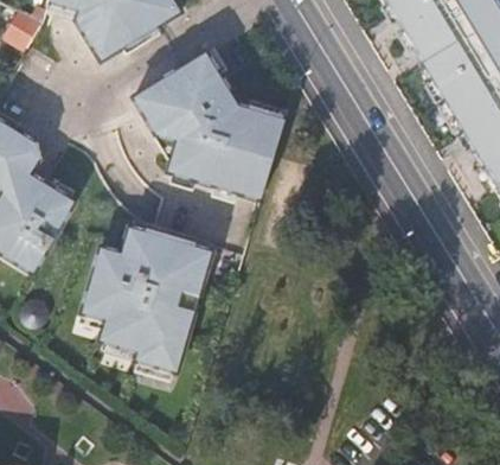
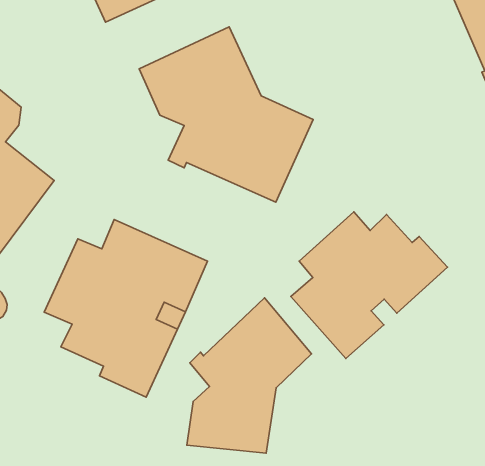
building: none -> [291,212,447,358]
building: none -> [187,298,311,453]

